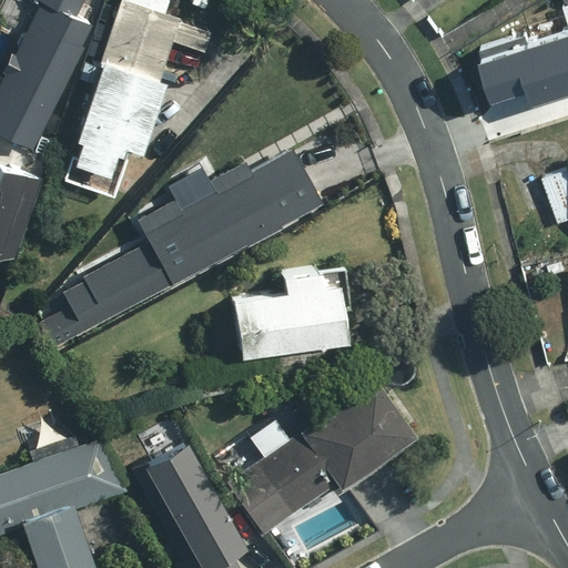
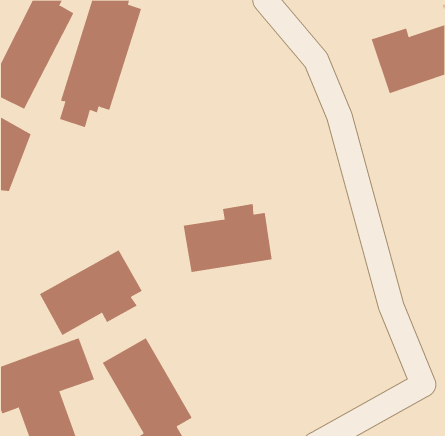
building: [41,148,320,346] -> none
building: none -> [39,249,143,336]
building: [229,379,419,537] -> none

